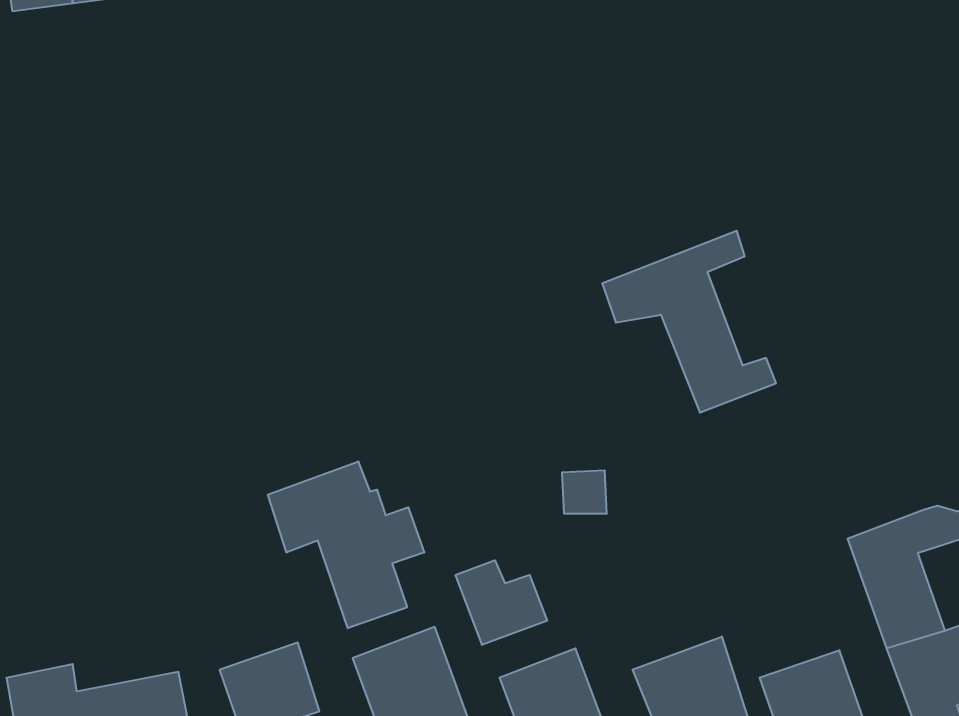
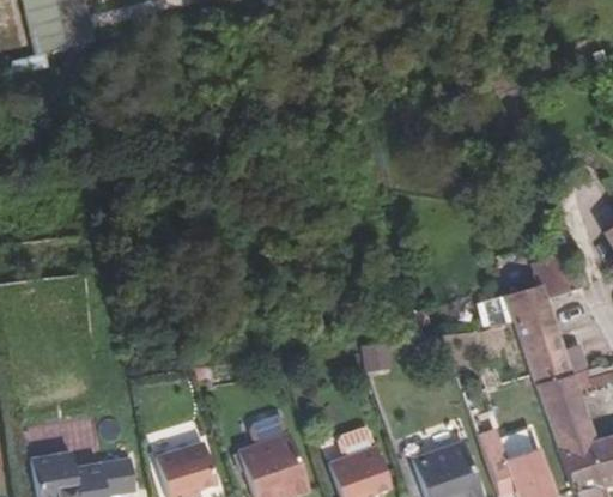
building: [602,231,776,413] -> [479,266,585,377]
building: [268,461,424,628] -> none
building: [456,560,547,645] -> none

